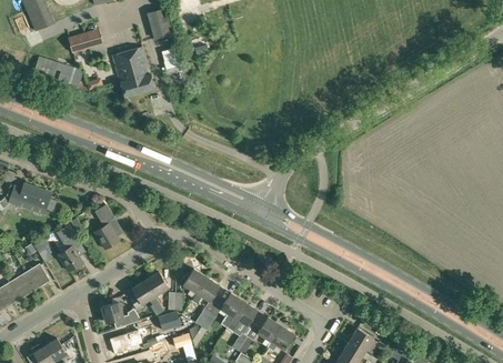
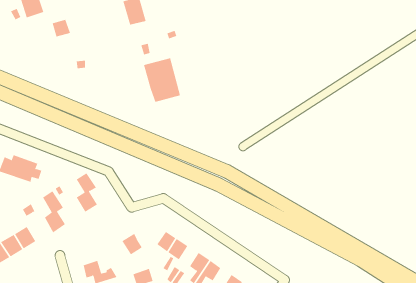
building: [112,48,154,98] -> [143,58,181,103]
building: [33,57,83,88] -> none
building: [129,281,159,311] -> none

